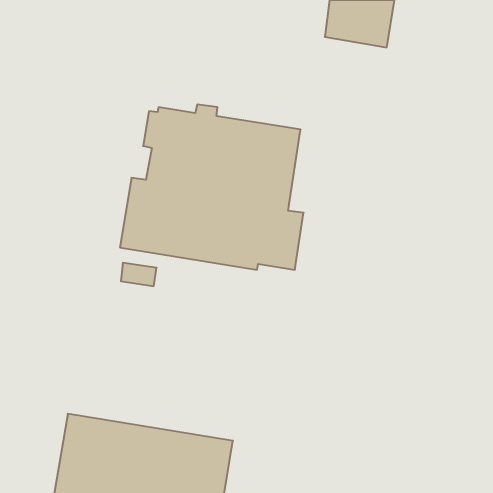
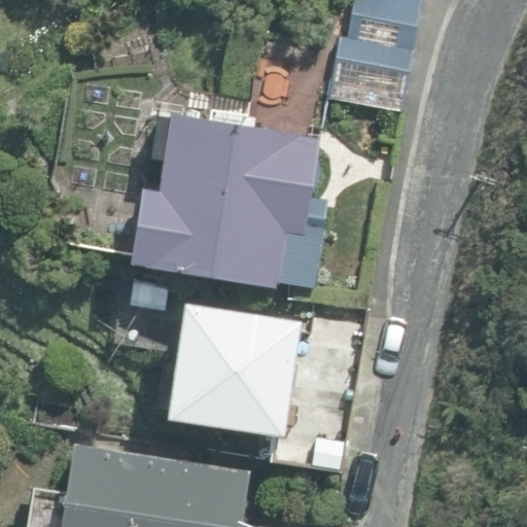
building: none -> [165,303,361,446]

